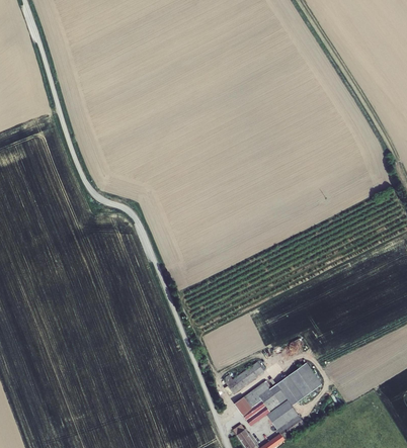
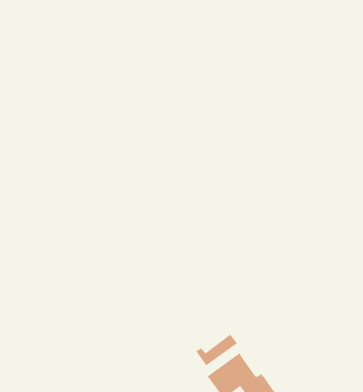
building: [271,362,322,405] -> none

